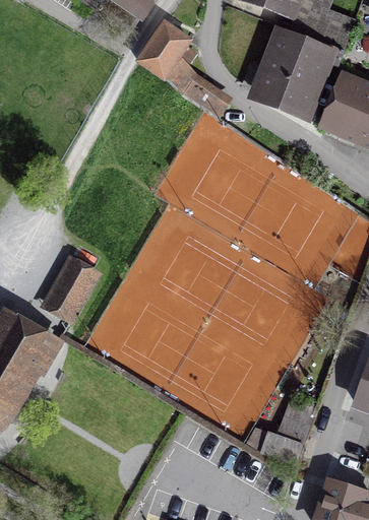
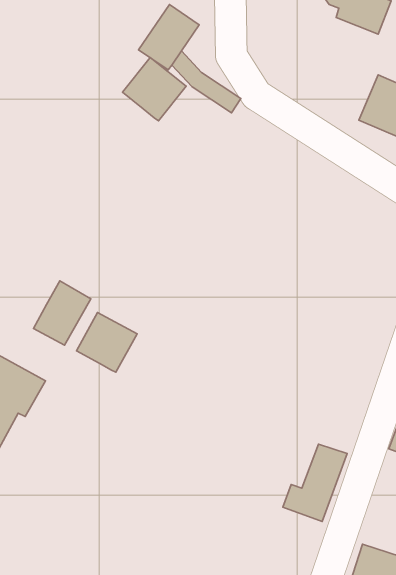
building: [259,28,343,112] -> none
building: none -> [122,58,186,121]
building: none -> [76,312,137,372]

